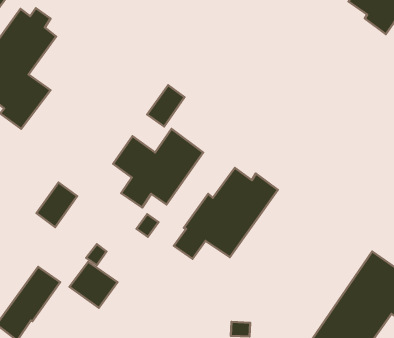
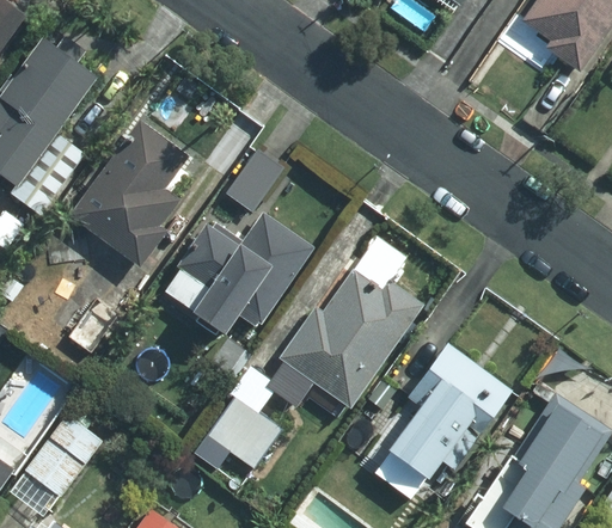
building: none -> [68,121,185,265]
building: none -> [387,346,513,477]
building: [69,262,117,308] -> [209,398,280,466]

